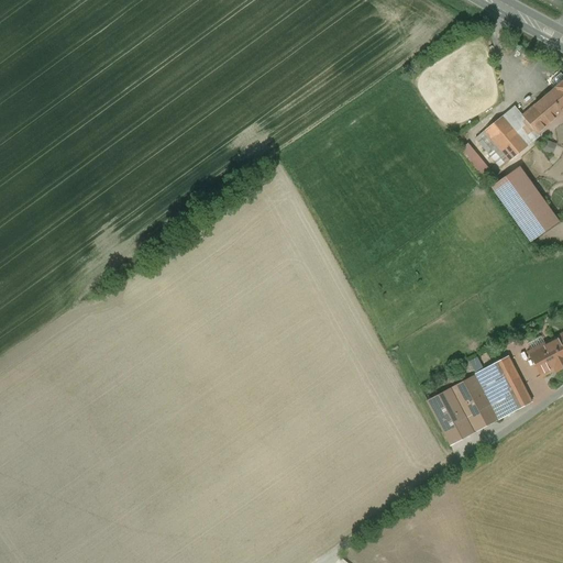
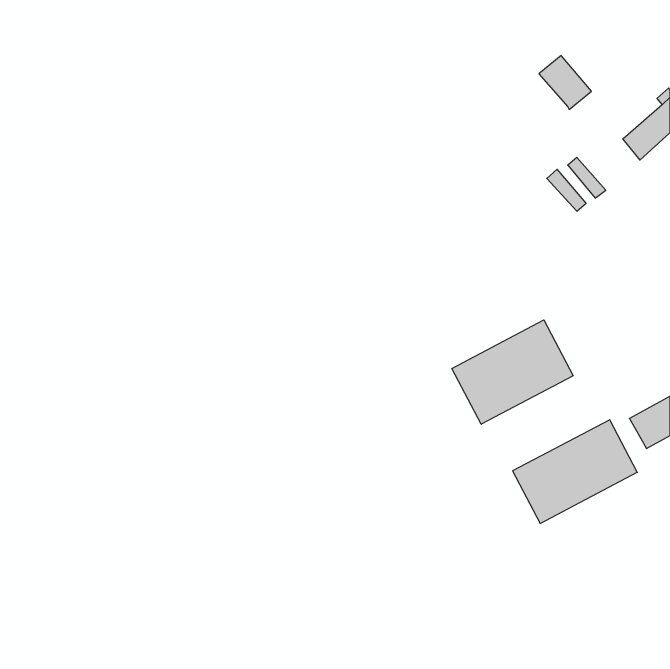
building: [484,118,528,163] -> [539,56,591,109]
building: [492,169,558,242] -> none
building: none -> [452,320,573,424]

